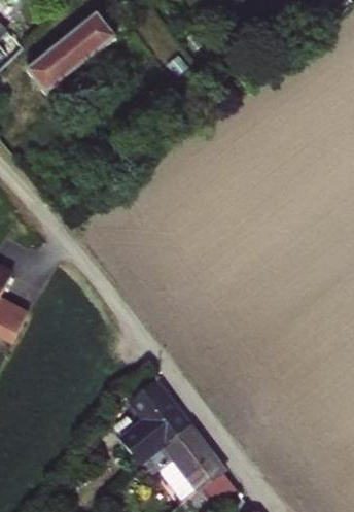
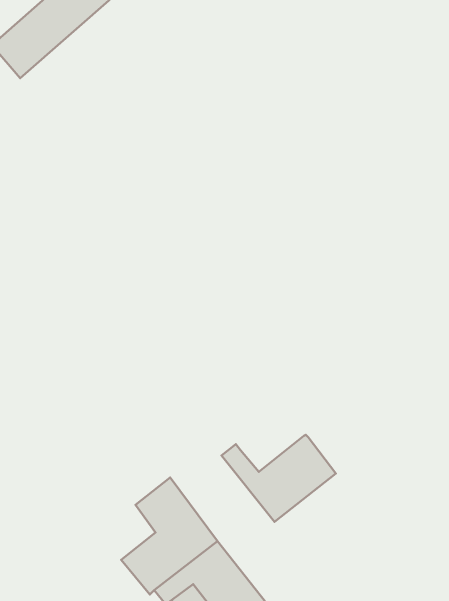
building: none -> [221,435,336,522]

